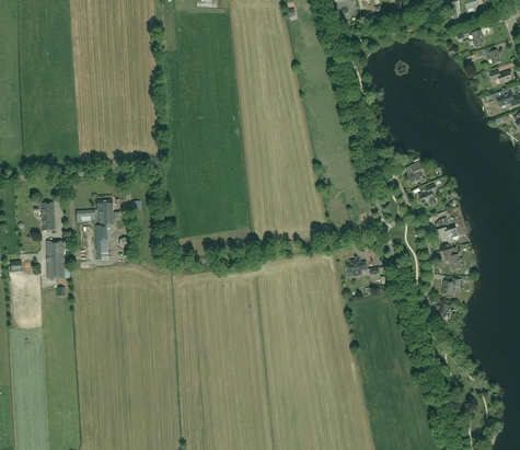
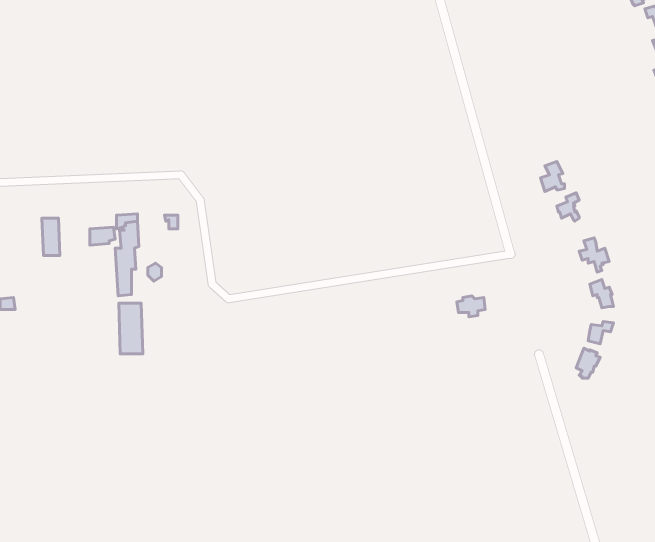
building: [47,242,65,279] -> [119,303,143,354]

